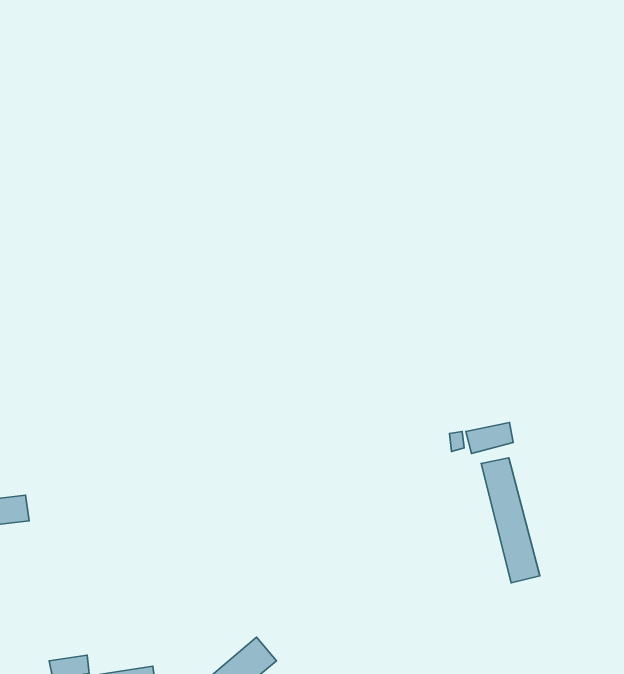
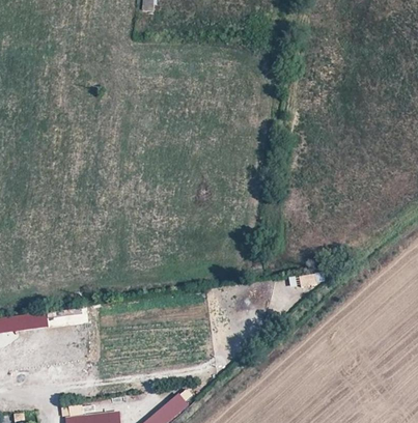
building: [481,458,540,583] -> none

